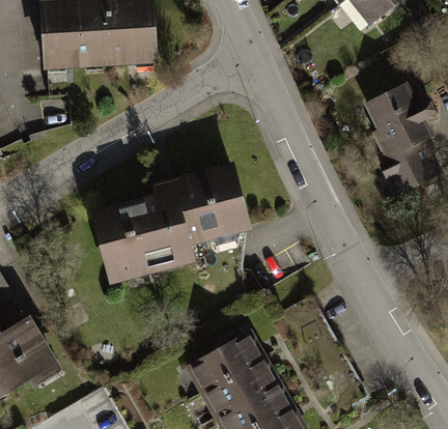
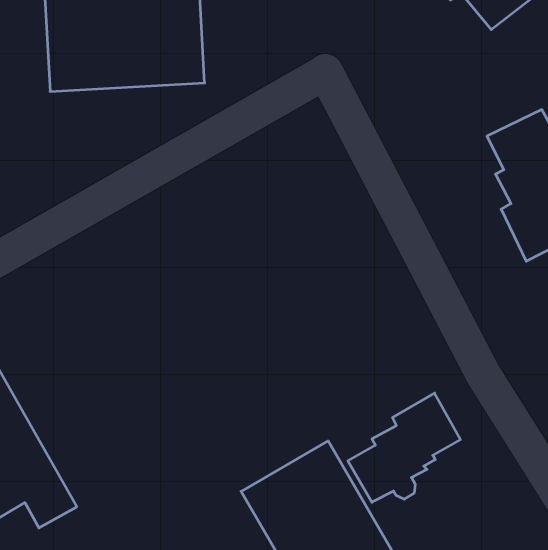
building: [91,164,252,285] -> none
building: none -> [348,393,460,502]

